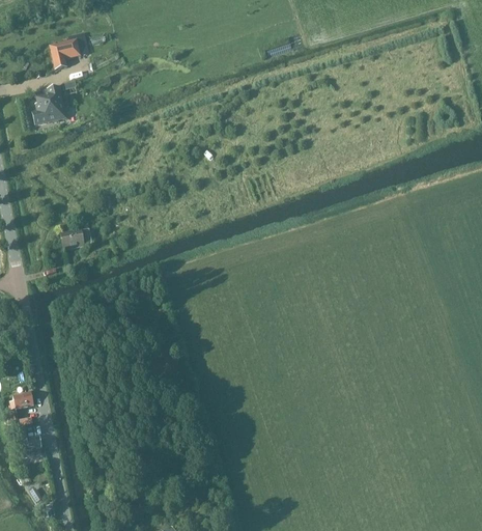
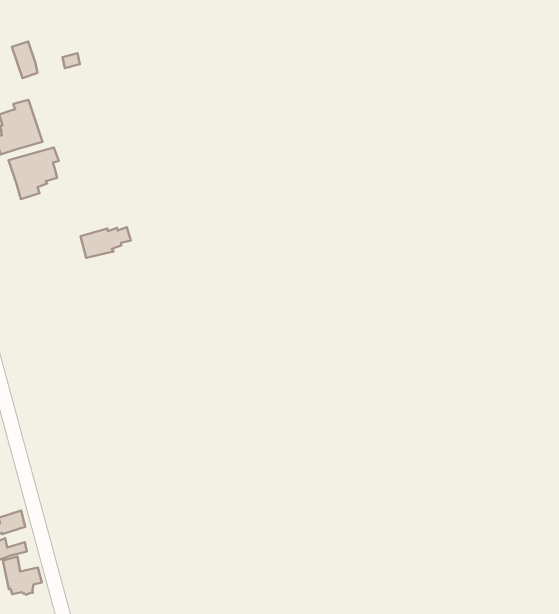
building: none -> [9,147,59,199]
building: [61,228,98,249] -> [80,227,131,258]

